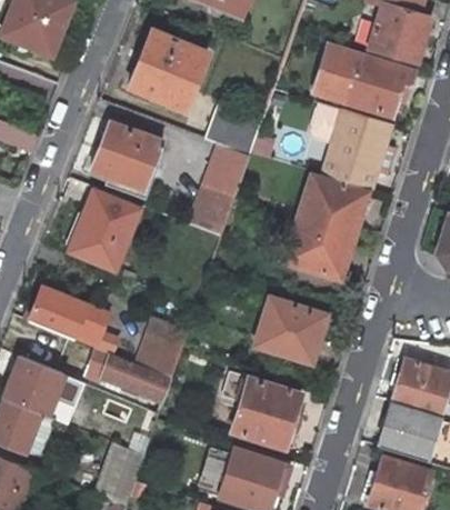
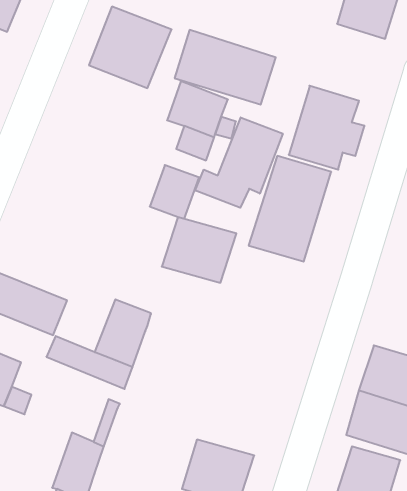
building: [316,43,413,116] -> [175,30,276,105]
building: [90,123,162,188] -> none
building: none -> [195,117,283,208]
building: [68,190,139,270] -> none
building: [253,298,326,361] -> [162,217,236,283]
building: [231,378,301,446] -> none

